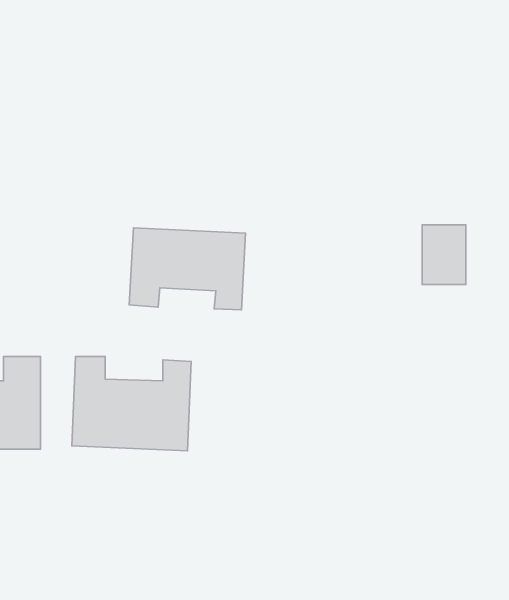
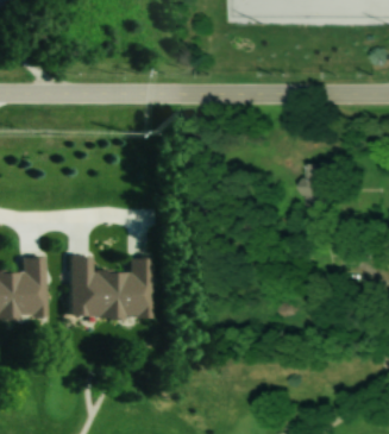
building: [129,228,245,310] -> none

